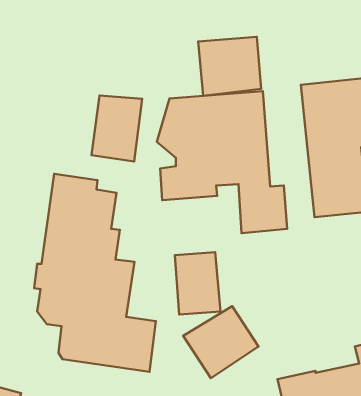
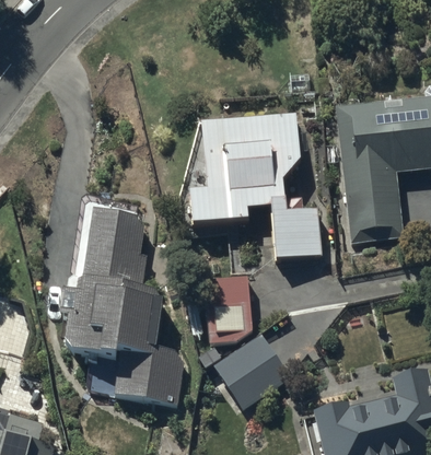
building: [198,37,261,96] -> none
building: [91,95,142,162] -> none

